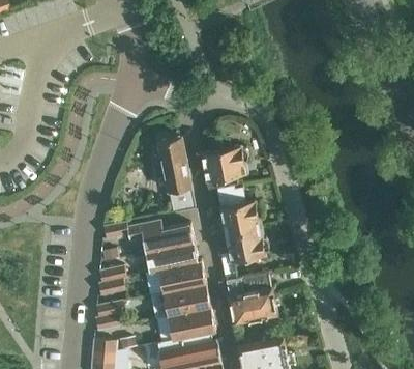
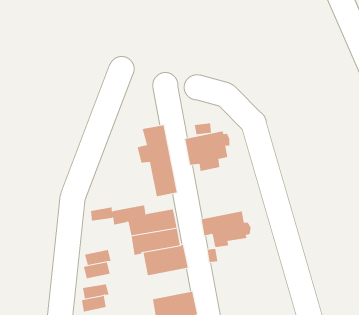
building: [213,184,262,236] -> none
building: [226,274,277,323] -> none
building: [162,286,209,318] -> none

